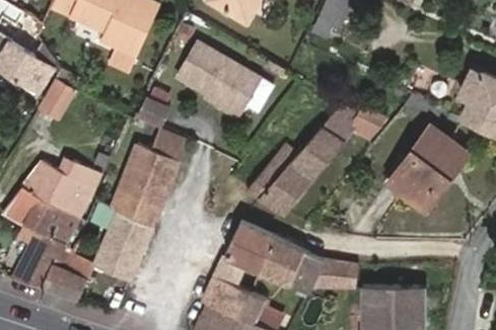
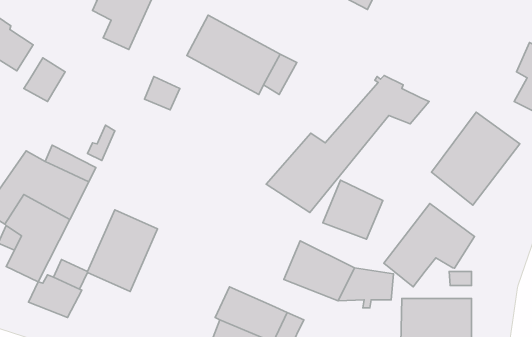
building: [98,114,190,227] -> none
building: none -> [384,204,475,287]
building: [225,220,277,270] -> [323,180,383,239]

